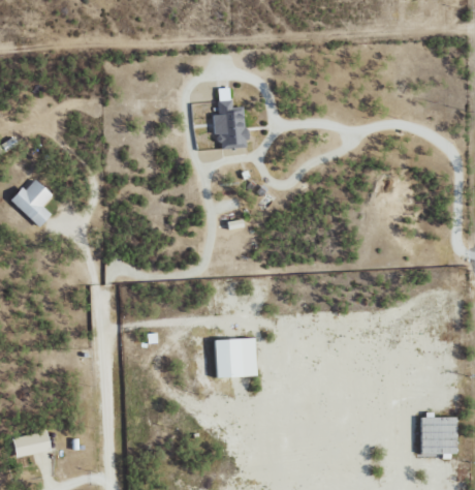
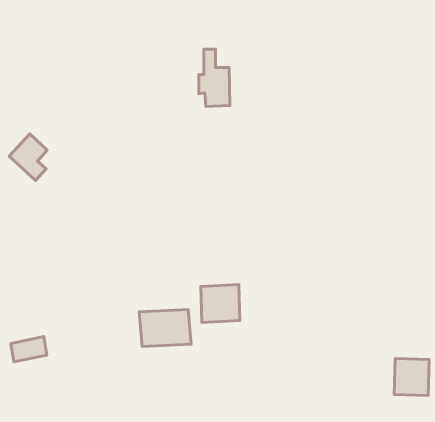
building: none -> [139,309,191,347]
building: [12,430,51,457] -> [11,337,47,362]

